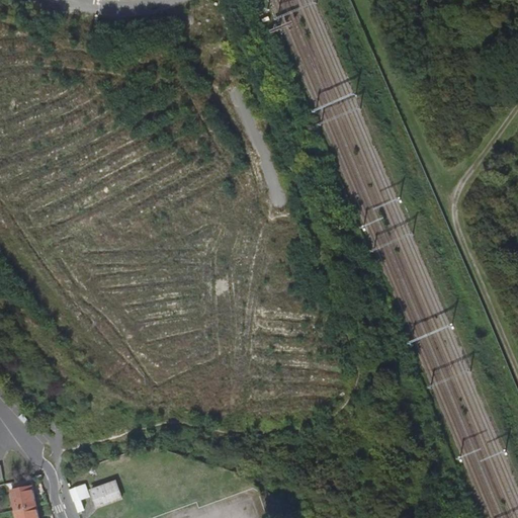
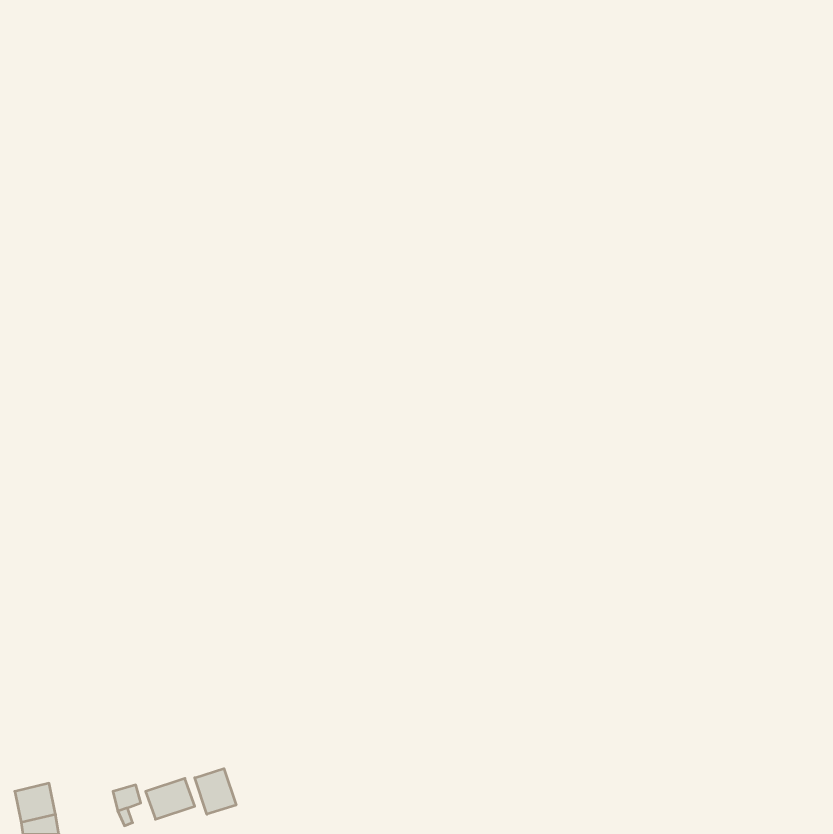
building: none -> [195,769,236,814]

